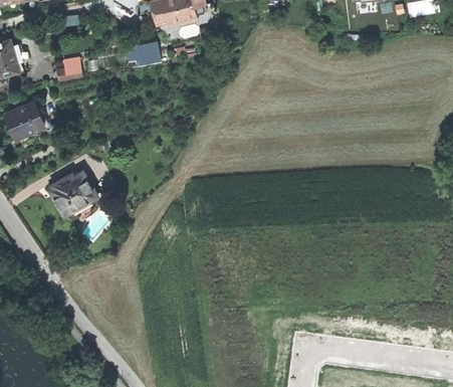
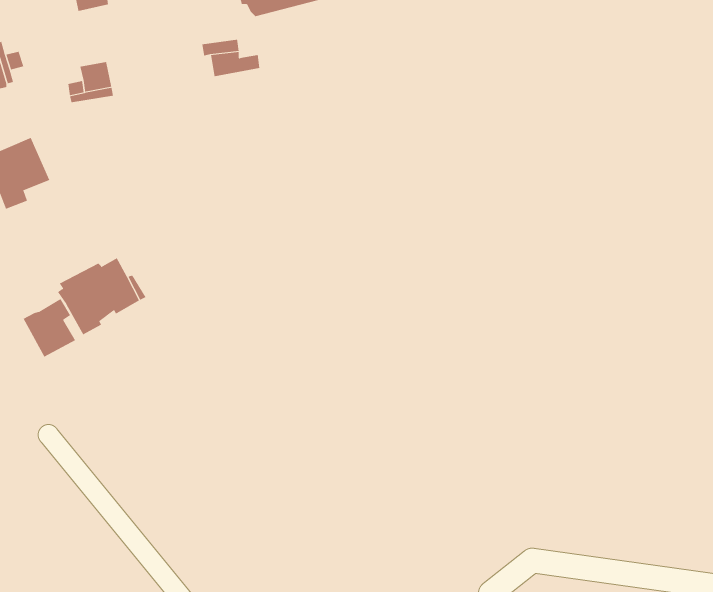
building: none -> [23,298,76,358]

